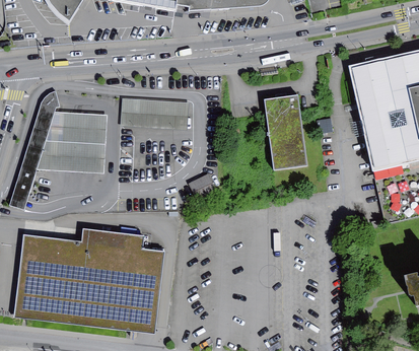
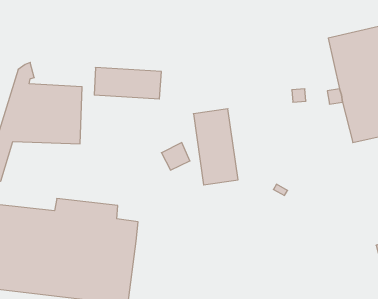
building: [262,94,306,170] -> [193,109,238,185]

